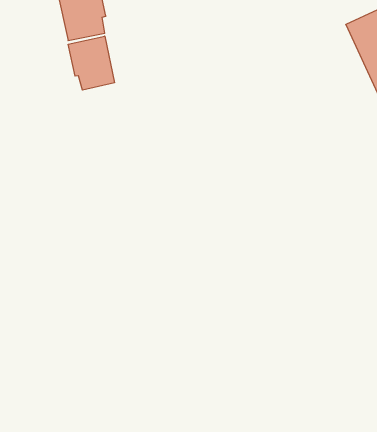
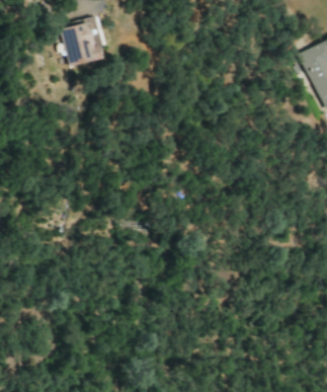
building: [68,36,114,90] -> none

